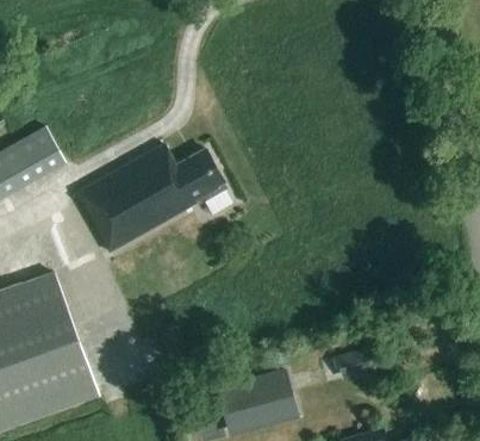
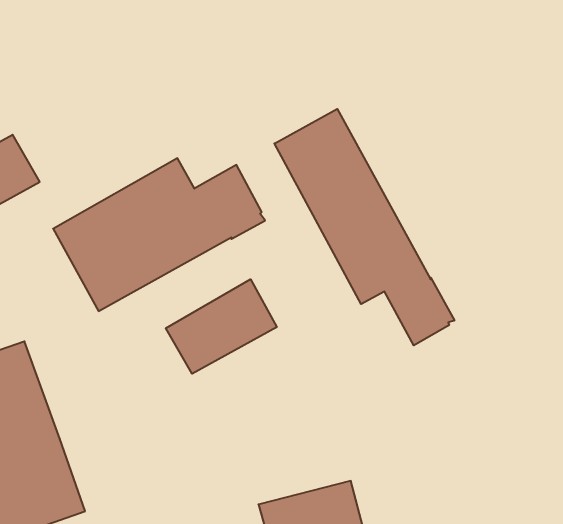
building: none -> [274,109,454,345]
building: none -> [166,279,277,374]

